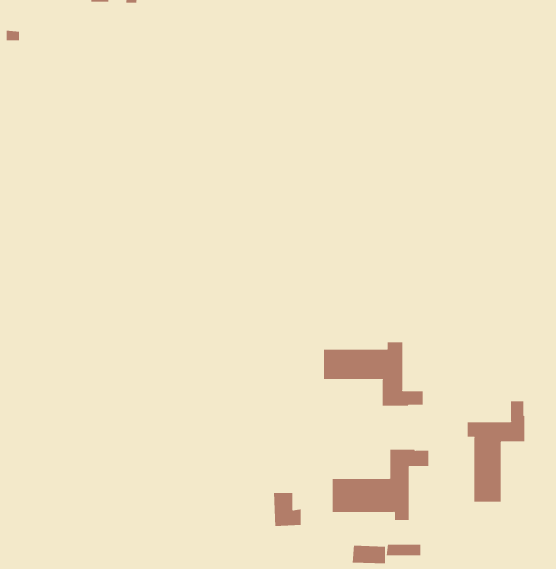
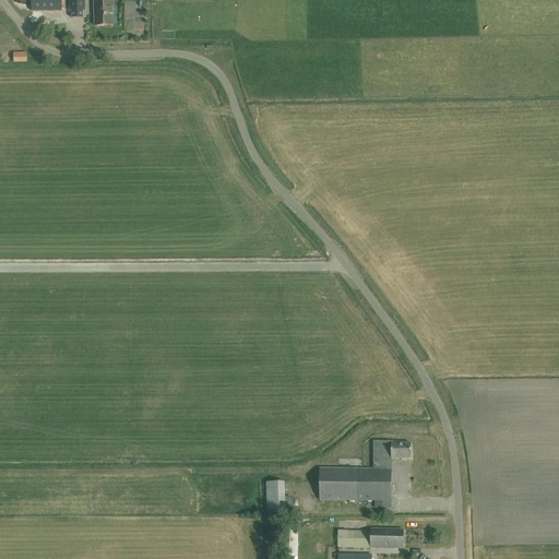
building: [323,341,423,406] -> none
building: [467,401,525,502] -> none

